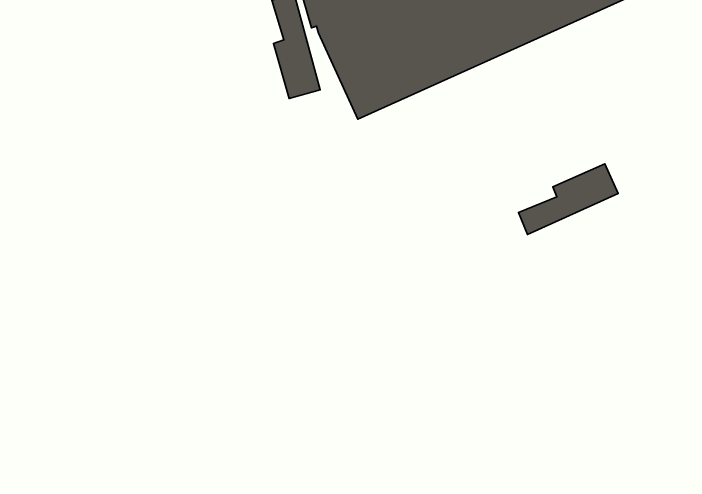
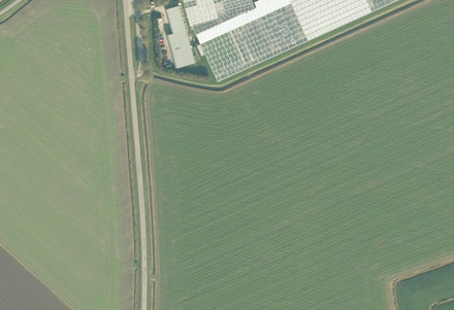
building: [519,164,618,234] -> none

